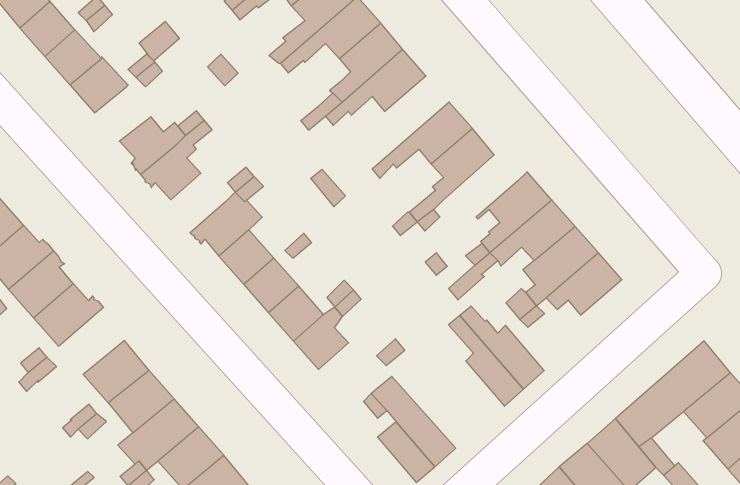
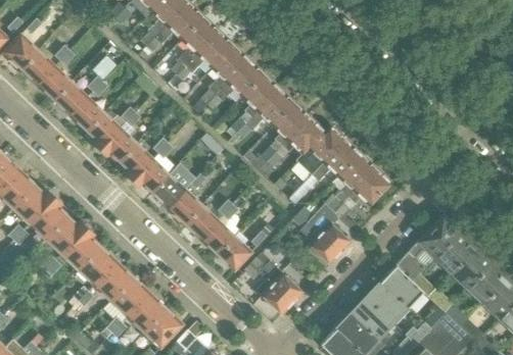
building: none -> [232,73,279,132]
building: none -> [69,97,103,130]
building: none -> [281,116,324,154]
building: none -> [120,144,152,180]
building: none -> [61,229,100,269]
building: none -> [217,236,250,269]

